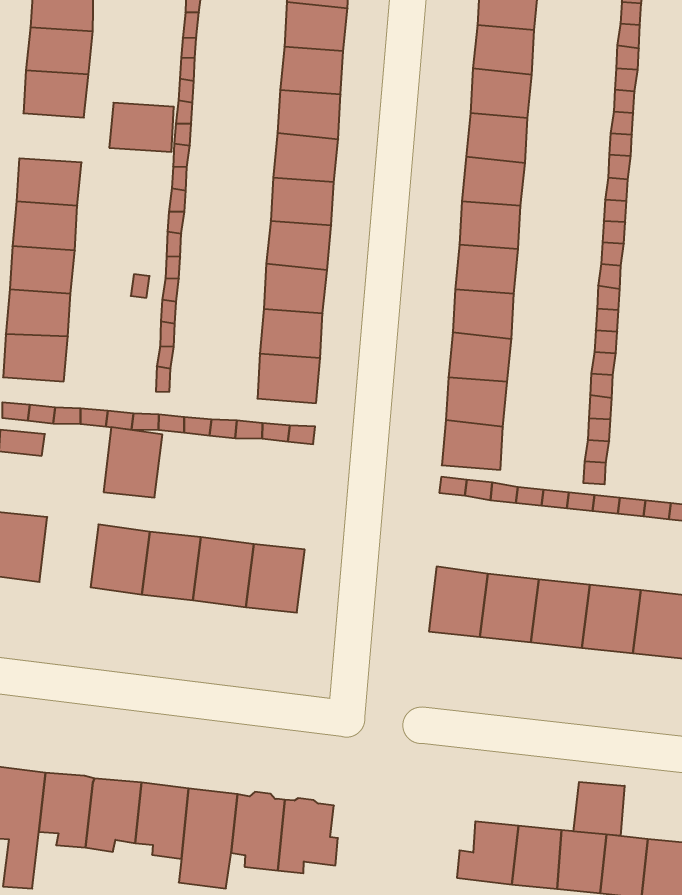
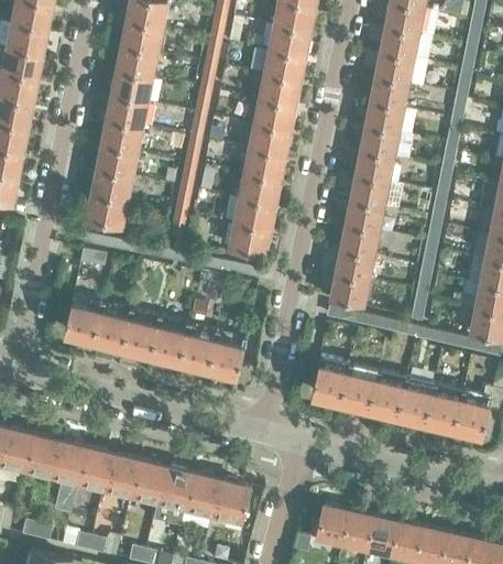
building: [109,103,174,152] -> [111,73,151,105]
building: [104,427,162,497] -> [94,304,131,347]
building: [574,782,625,836] -> none

